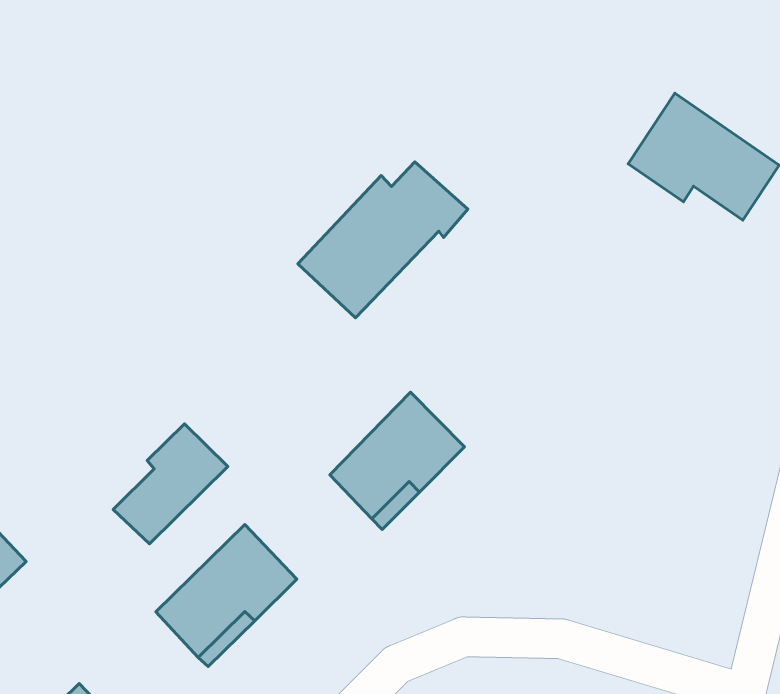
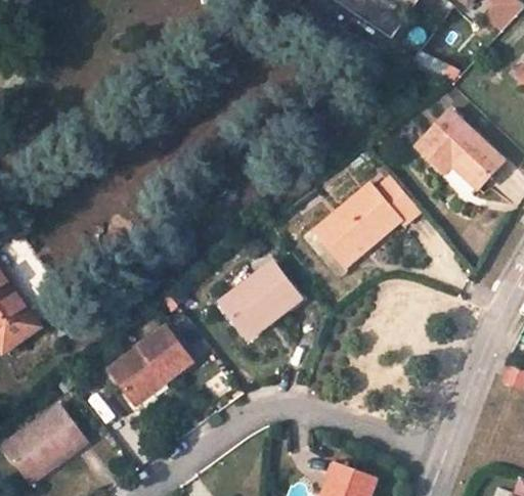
building: [298,162,468,318] -> [317,179,420,264]
building: [113,424,228,544] -> none

